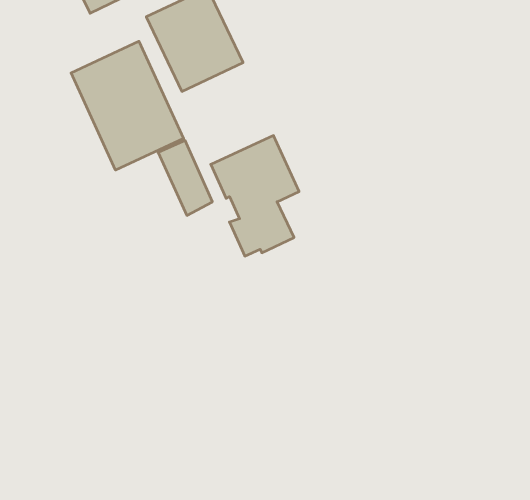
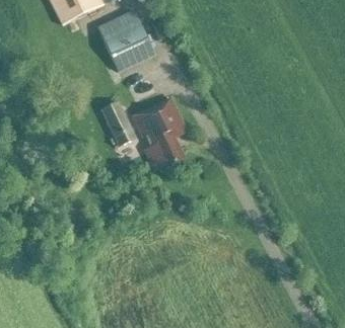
building: [71,41,184,170] -> none

